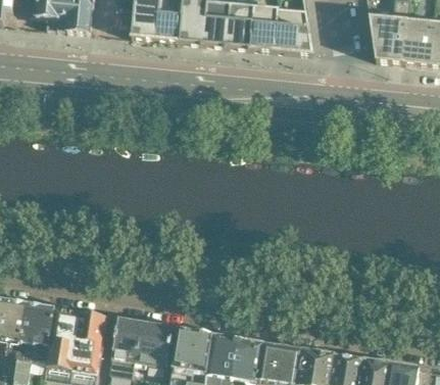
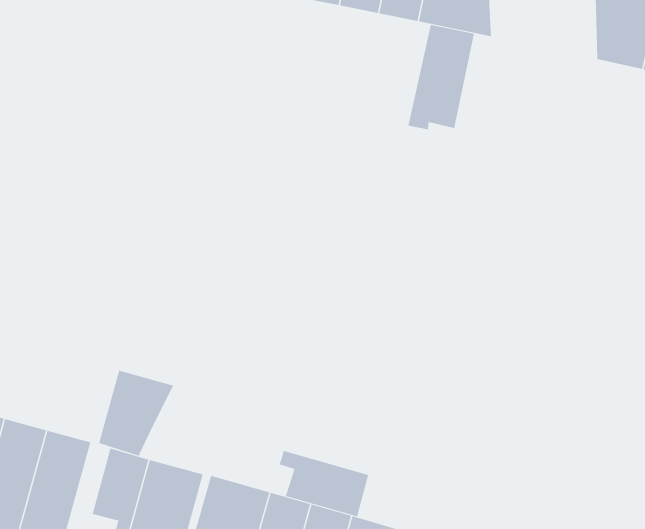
building: none -> [408,24,475,130]
building: none -> [98,370,174,456]
building: none -> [279,450,369,517]

